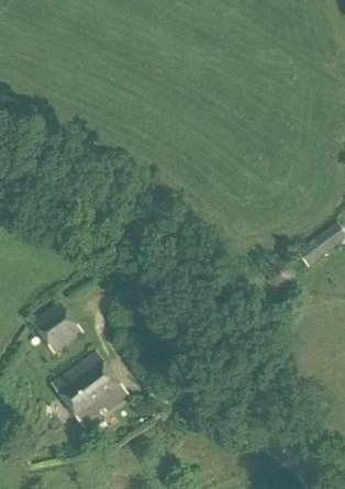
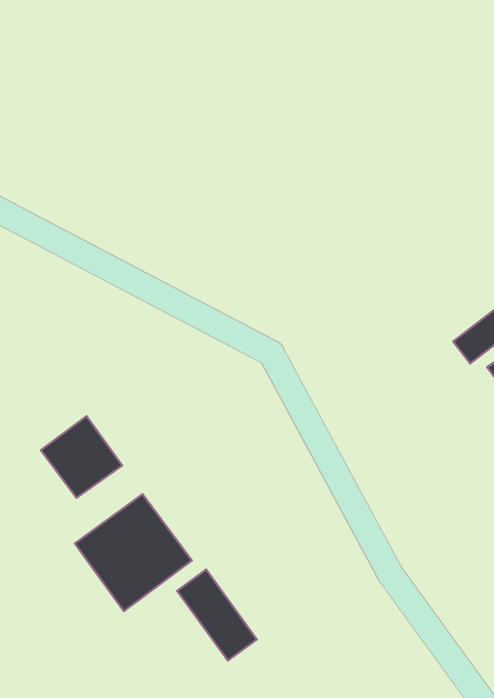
building: none -> [177,570,257,661]

